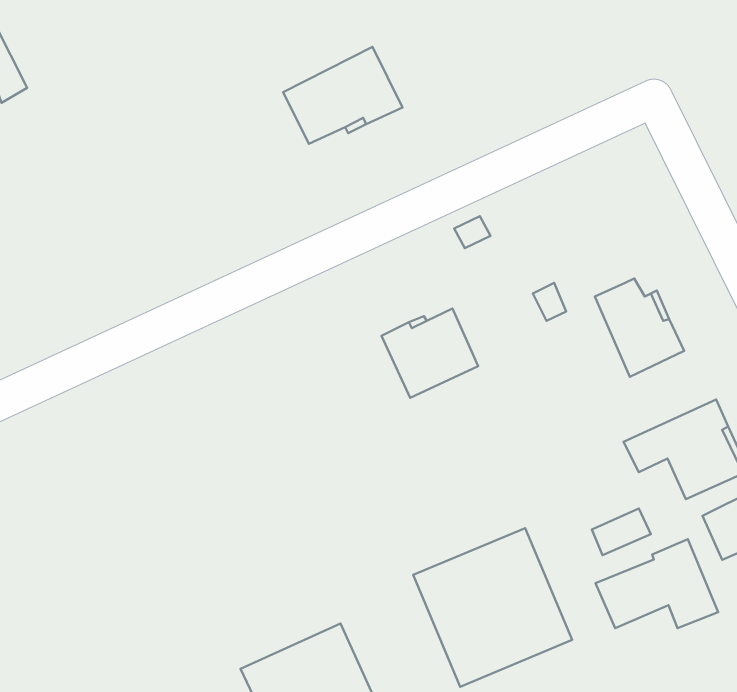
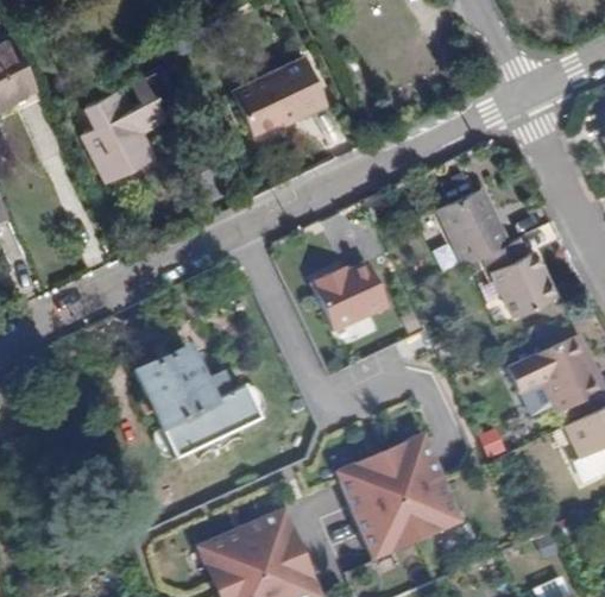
building: none -> [82,68,177,181]
building: none -> [436,186,504,262]
building: none -> [137,346,257,454]
building: [595,539,718,628] -> none

